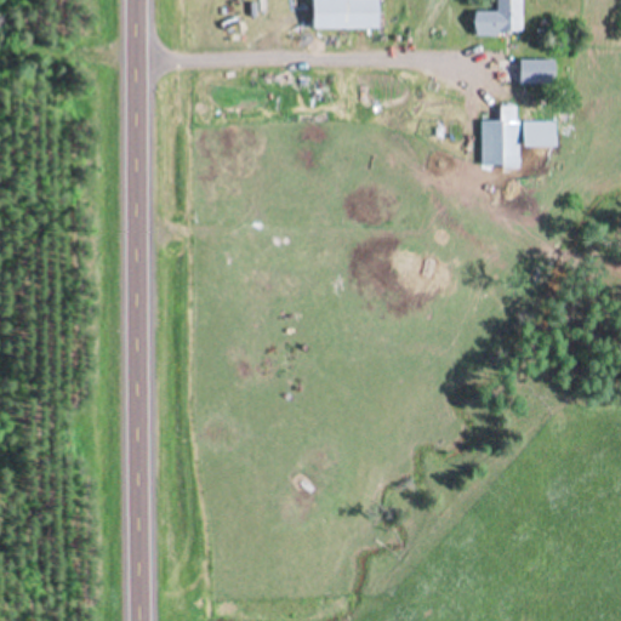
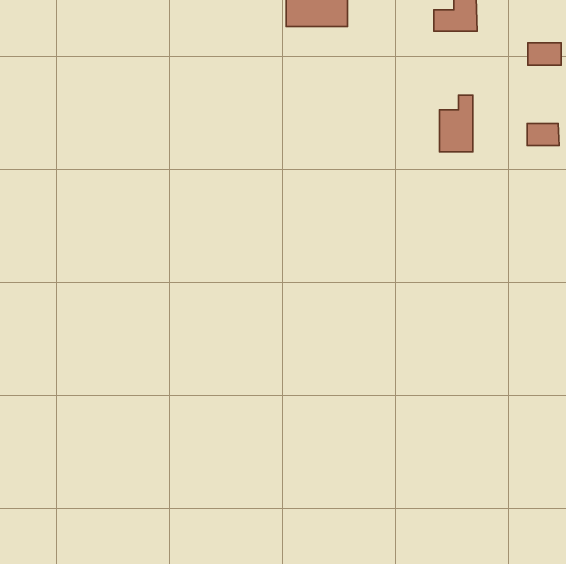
building: [520,59,557,84] -> [528,43,561,65]
building: [523,120,558,144] -> [527,123,559,146]

